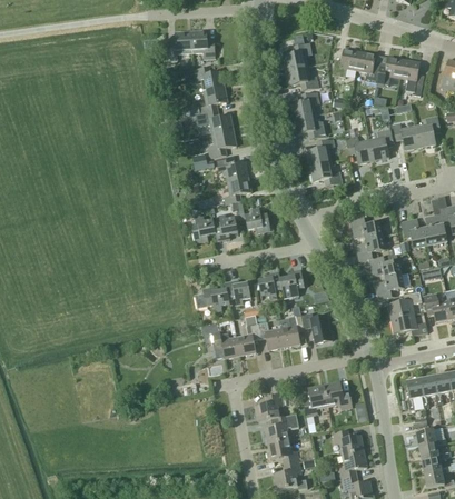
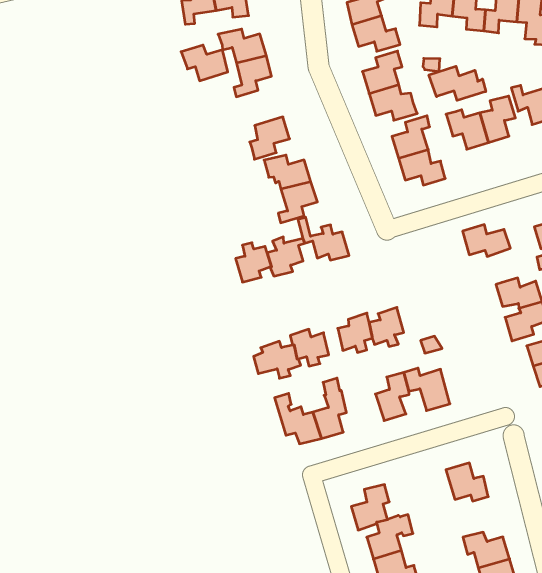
building: none -> [429,66,486,100]
building: [201,110,233,134] -> [181,45,228,81]
building: [356,234,385,261] -> none
building: [257,321,285,350] -> none
building: [304,385,329,415] -> none

